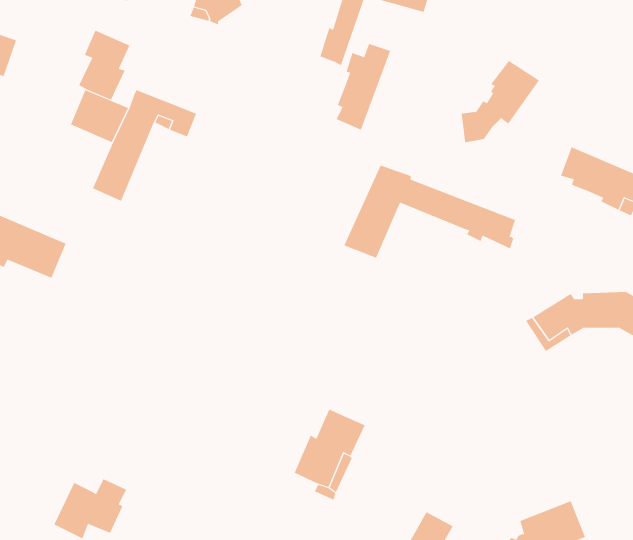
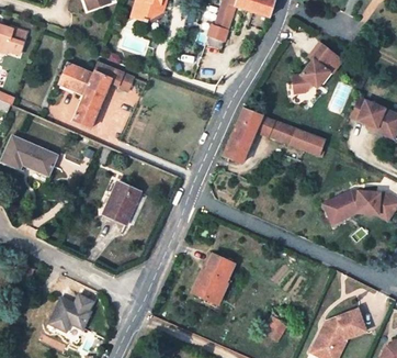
building: [79,30,130,101] -> none
building: [336,43,391,131] -> none
building: none -> [103,181,139,224]

